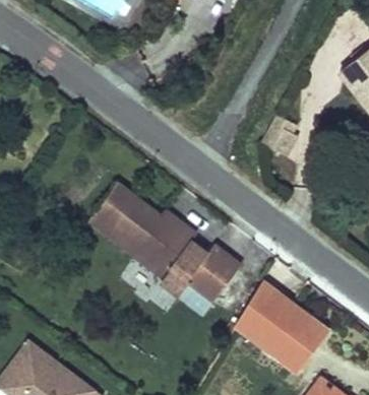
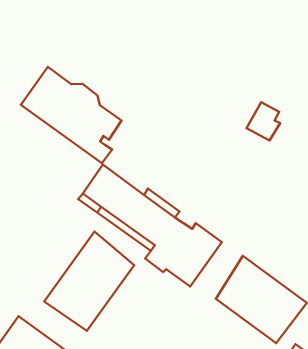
building: none -> [21,67,122,163]
building: none -> [44,231,134,331]

